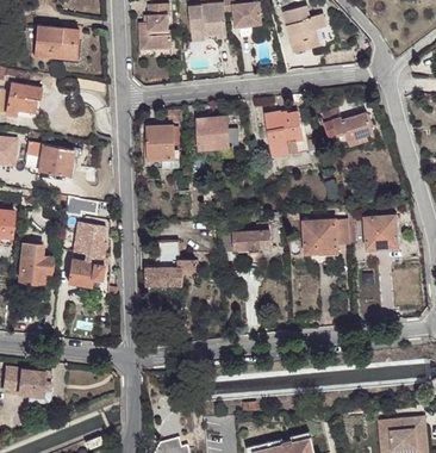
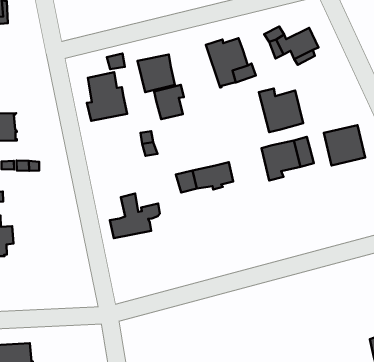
building: none -> [154,85,184,119]
building: none -> [259,88,303,132]
building: [68,222,106,286] -> none

